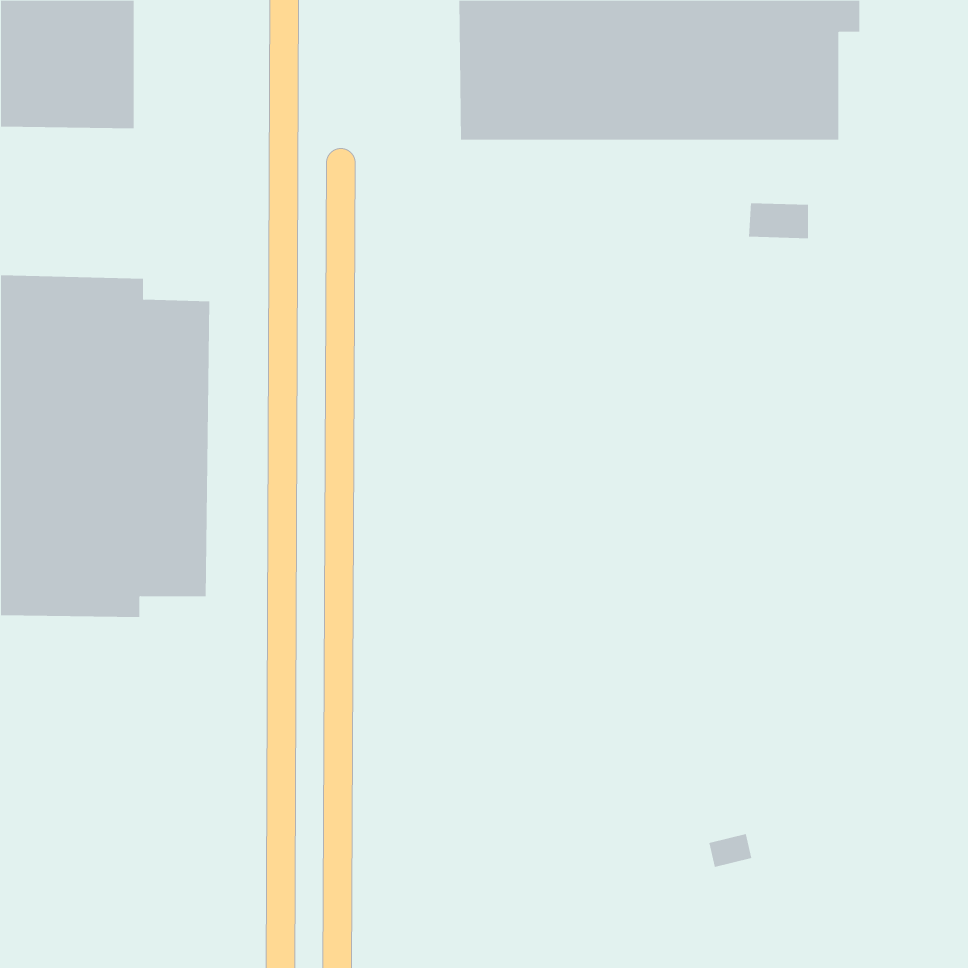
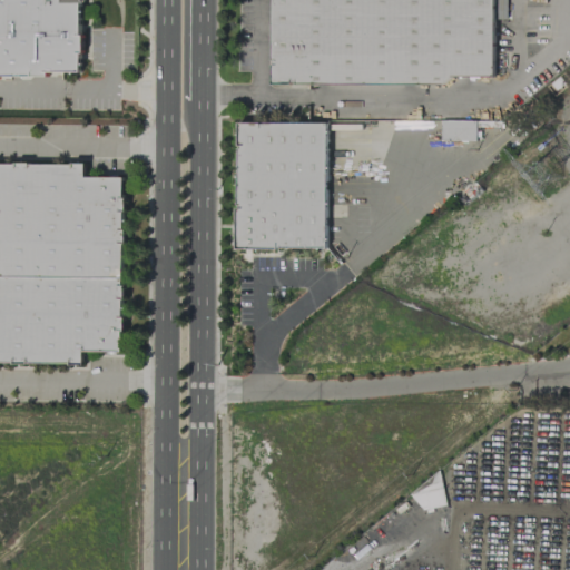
building: none -> [236,121,326,248]

